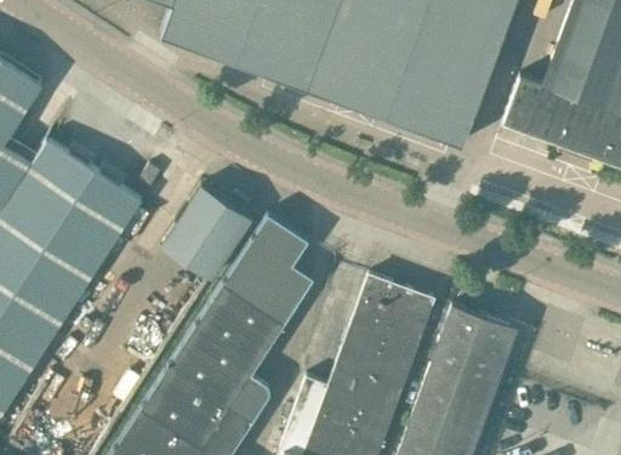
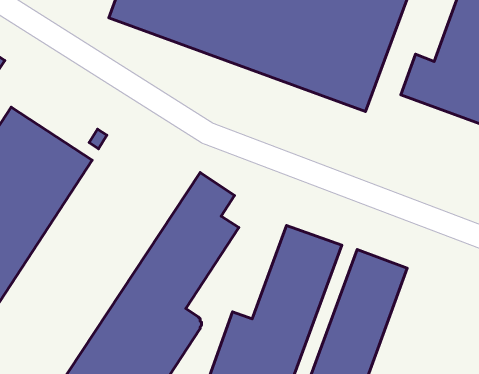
building: [169,176,257,272] -> none

